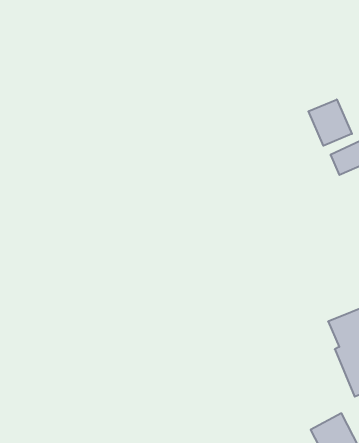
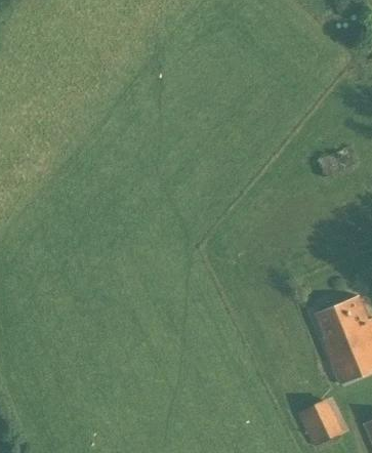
building: [308,99,352,146] -> none

